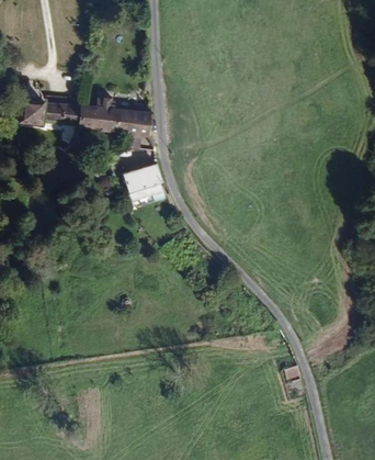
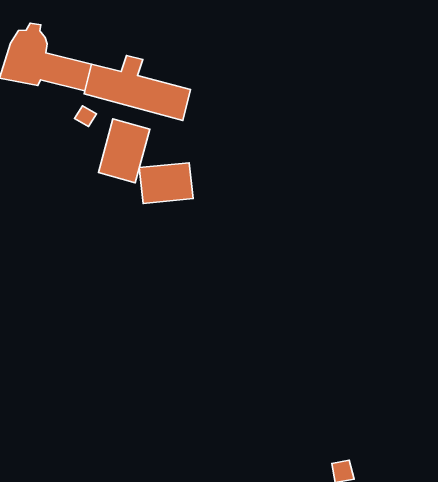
building: none -> [98,119,150,183]

